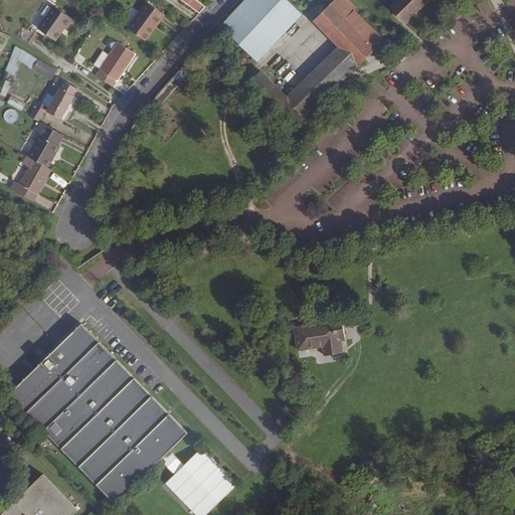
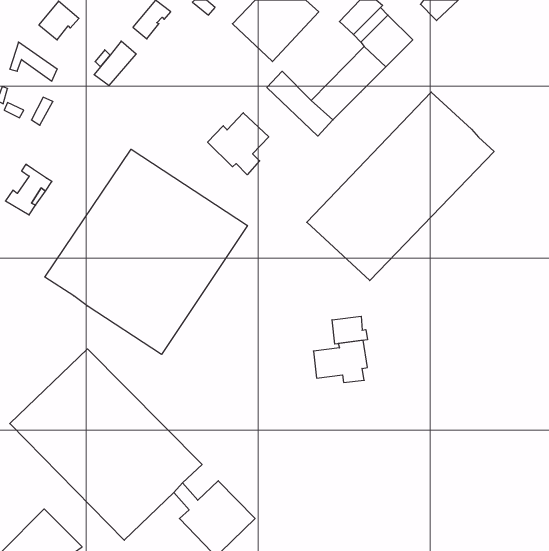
building: [46,75,73,118] -> none
building: none -> [307,92,494,281]
building: none -> [208,113,269,175]
building: [25,121,63,167] -> none
building: none -> [45,149,247,354]
building: none -> [332,316,367,344]

